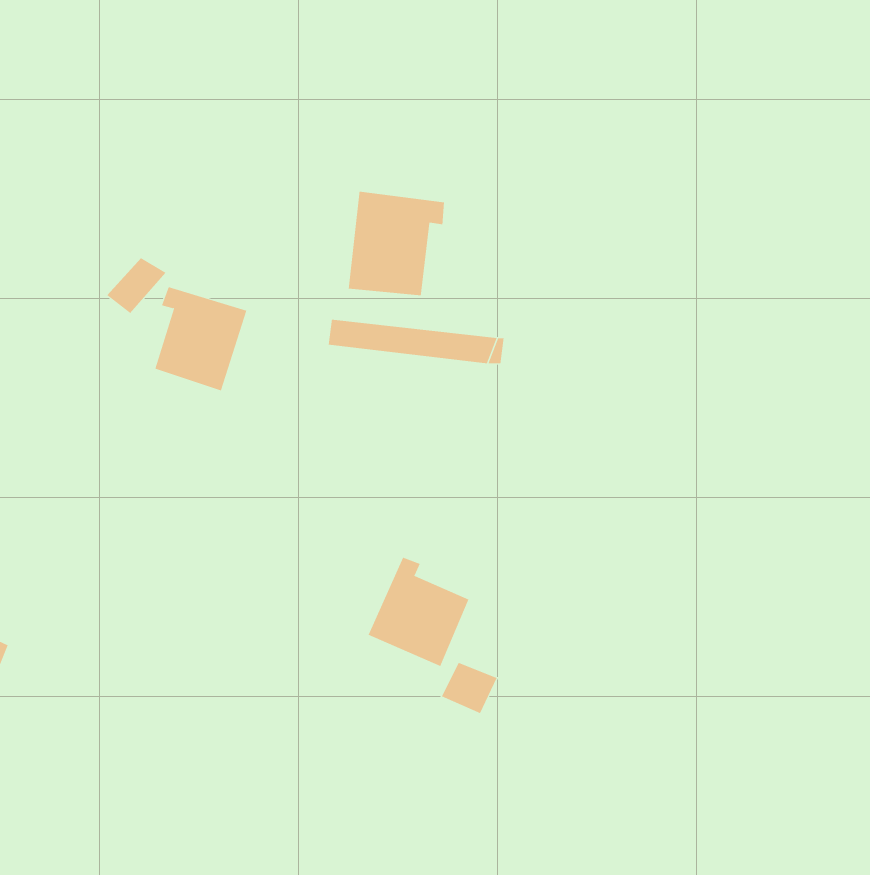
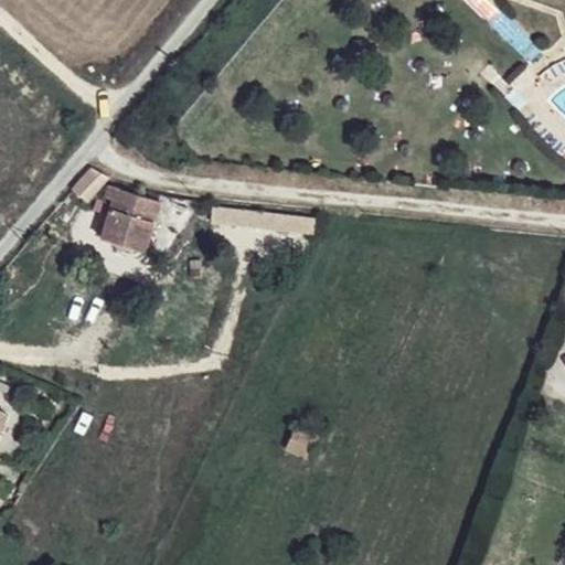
building: [348,191,445,296] -> none
building: [368,557,469,667] -> none

